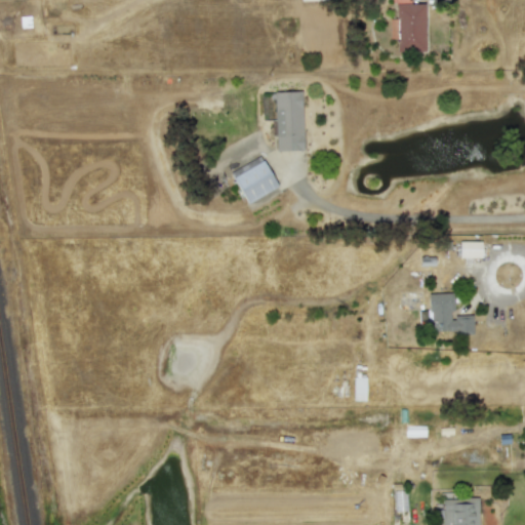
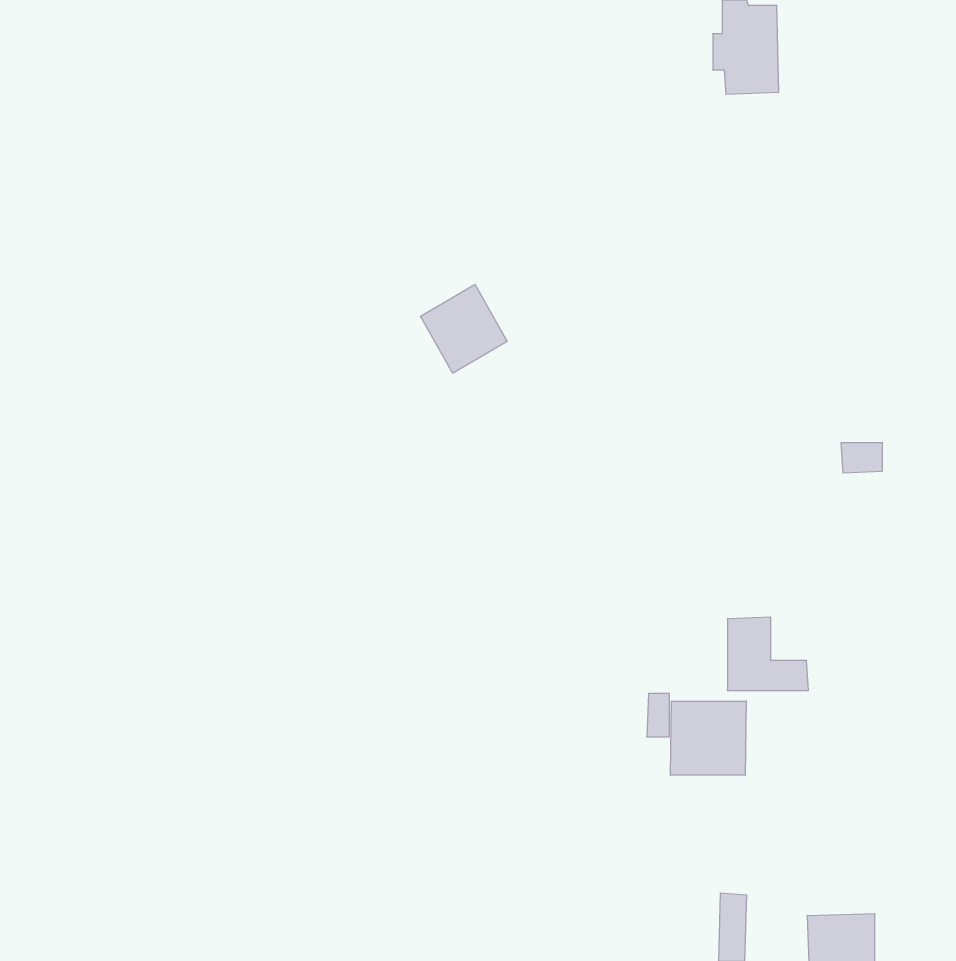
building: [277,91,306,152] -> none
building: [432,293,476,333] -> [727,617,808,691]
building: none -> [670,701,746,775]

